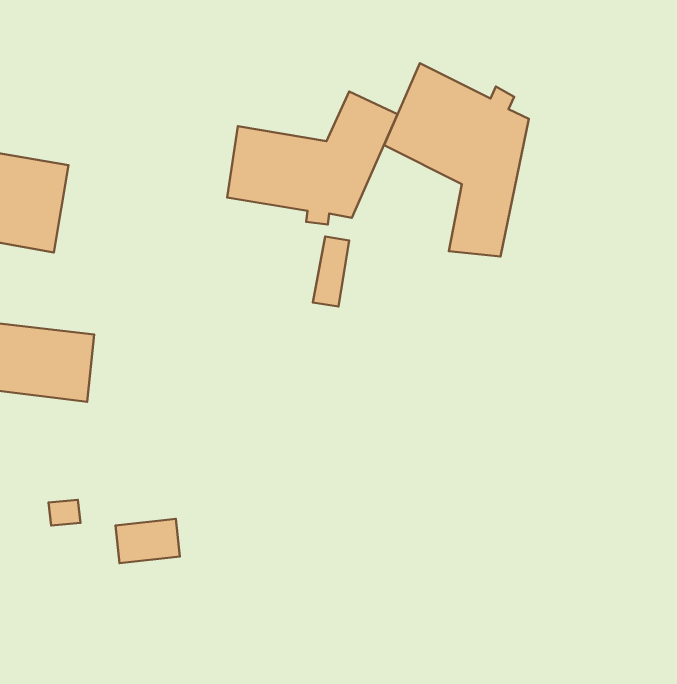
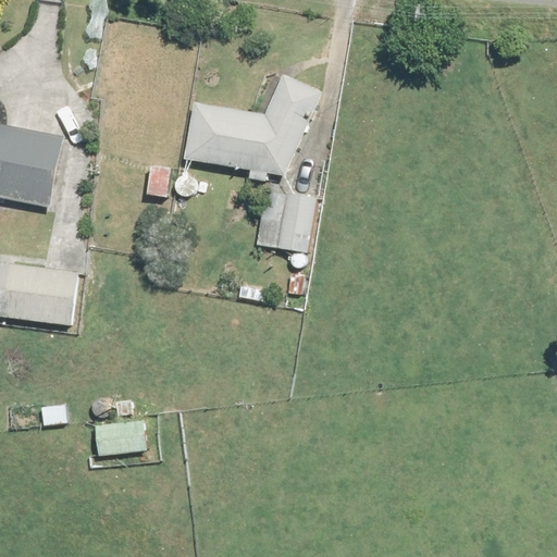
building: [384,63,529,257] -> none
building: none -> [275,193,315,253]

